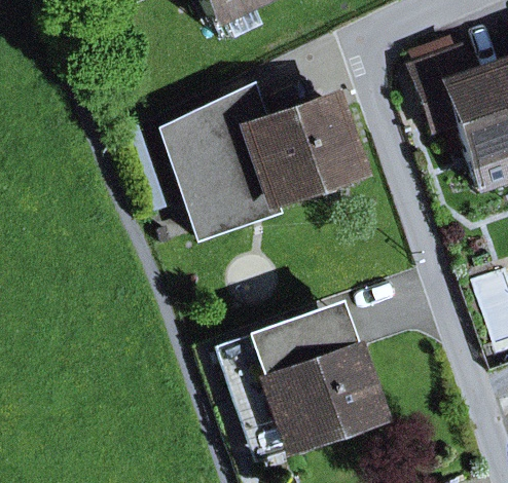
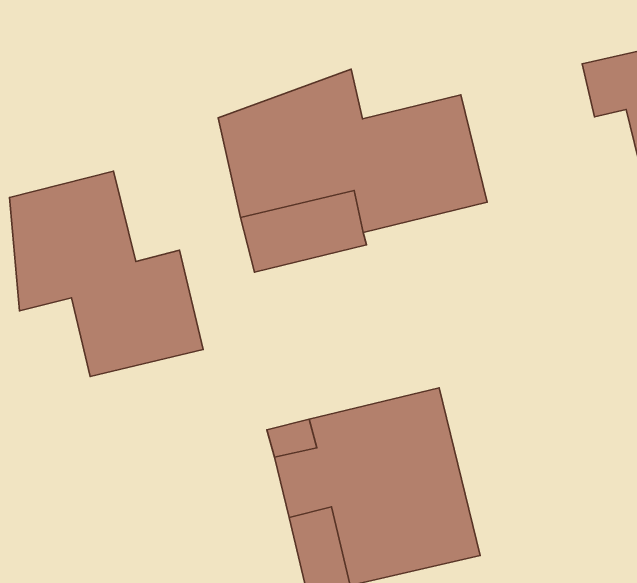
building: none -> [9,171,203,376]

